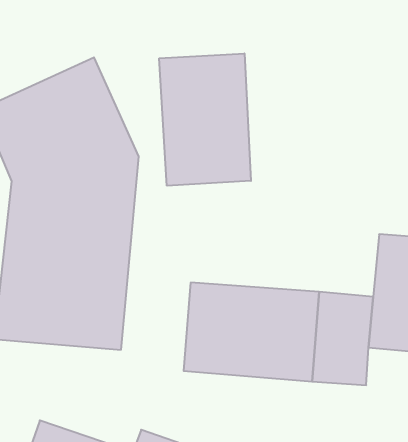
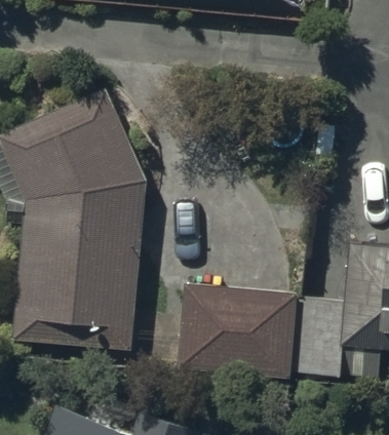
building: [159,53,251,186] -> none

